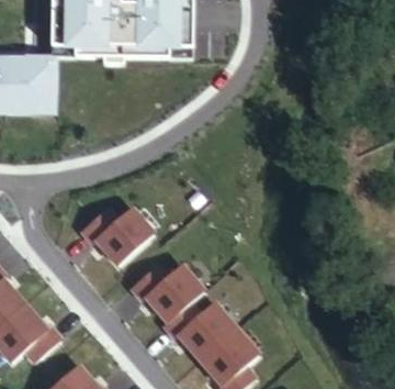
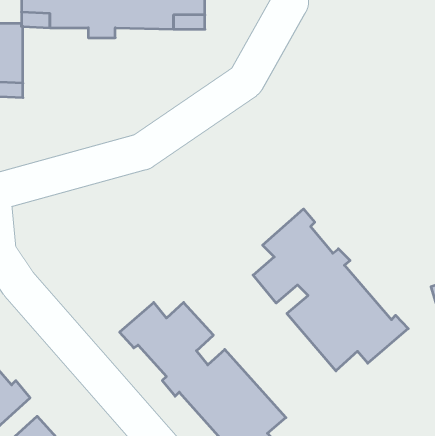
building: none -> [253,209,408,371]
building: [82,208,154,266] -> none

